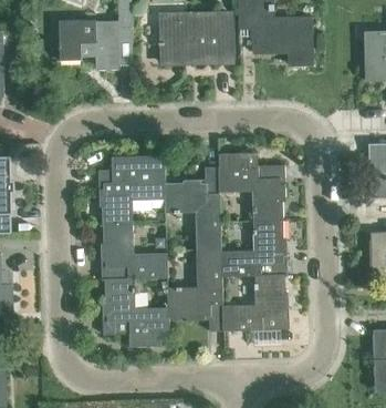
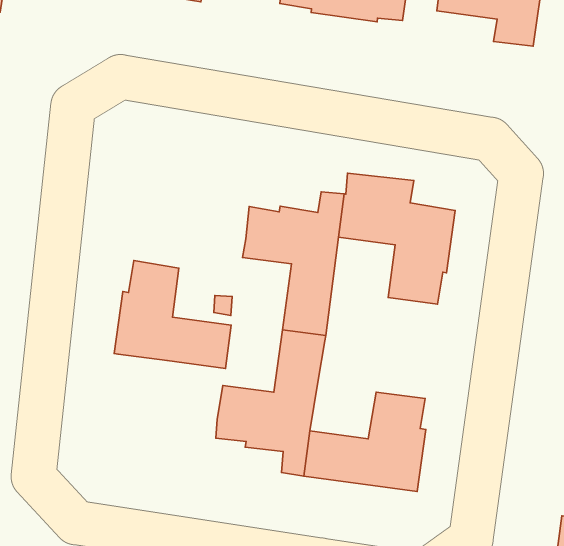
building: [98,155,166,225] -> none
building: [221,221,288,277] -> none
building: [101,279,168,348] -> none

